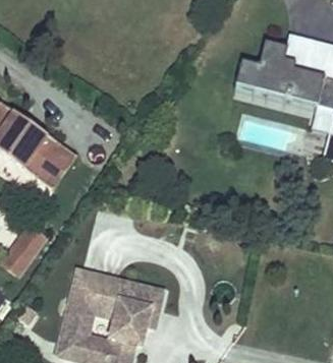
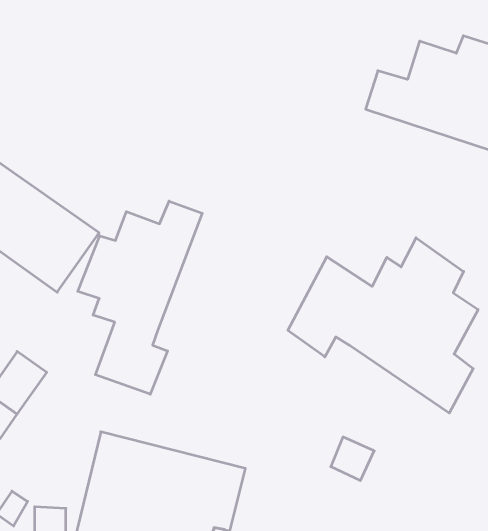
building: none -> [78,201,202,394]
building: none -> [288,238,478,413]

